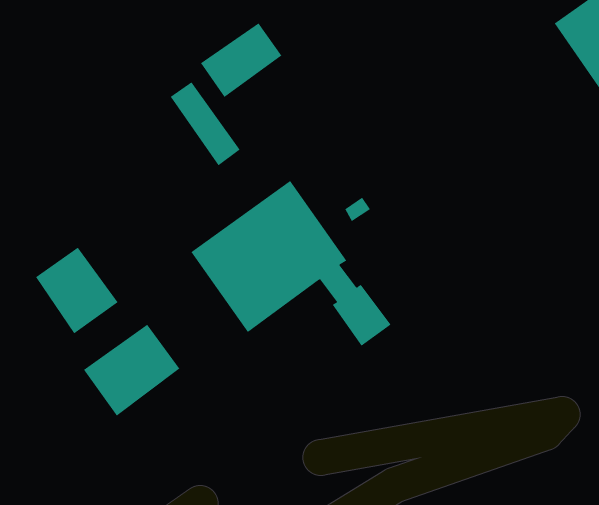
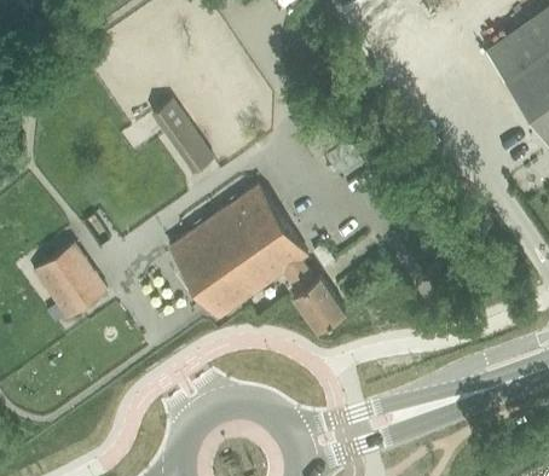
building: [200,22,282,98] -> none
building: [83,324,180,416] -> none

